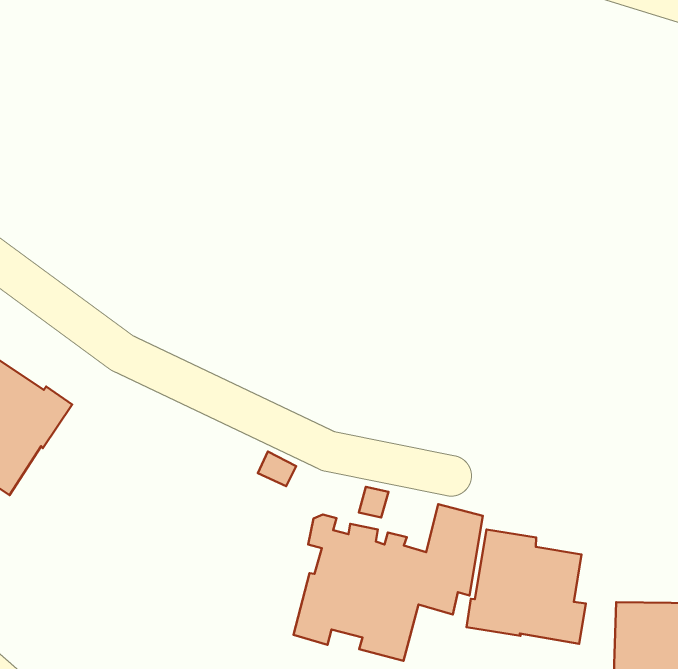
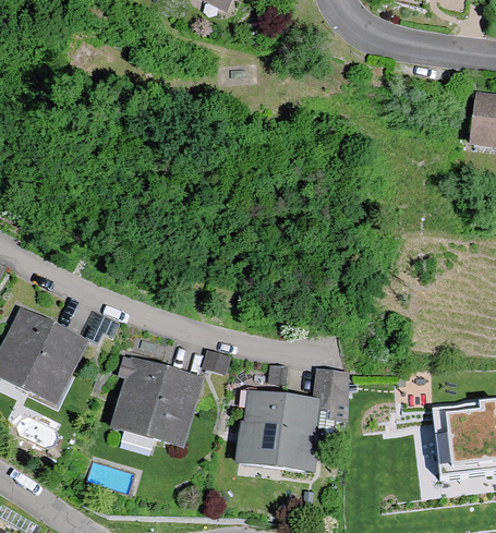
building: none -> [111,359,198,448]
building: [467,529,586,644] -> none

